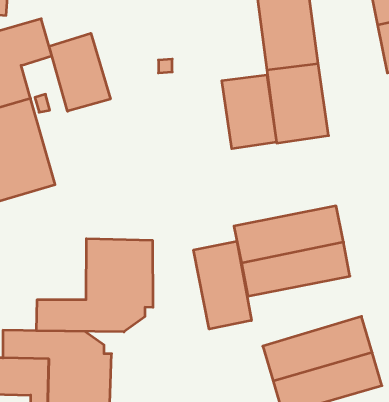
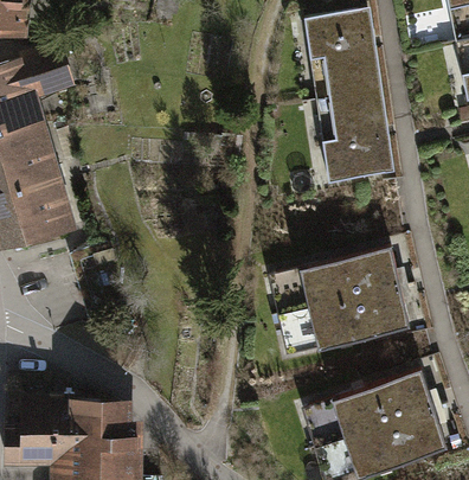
building: [49,33,110,111] -> none
building: [222,75,276,149] -> none
building: [36,239,153,332] -> none
building: [194,241,251,329] -> none

